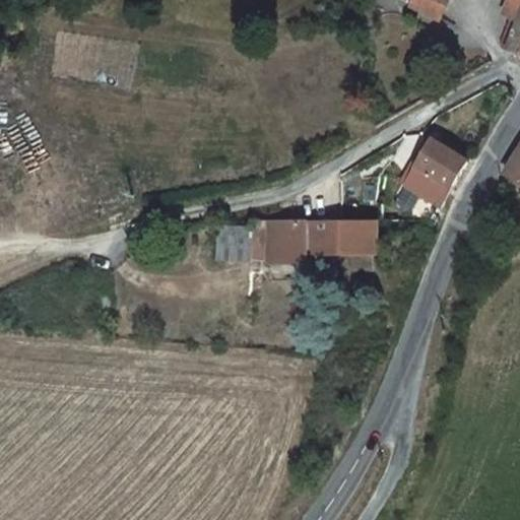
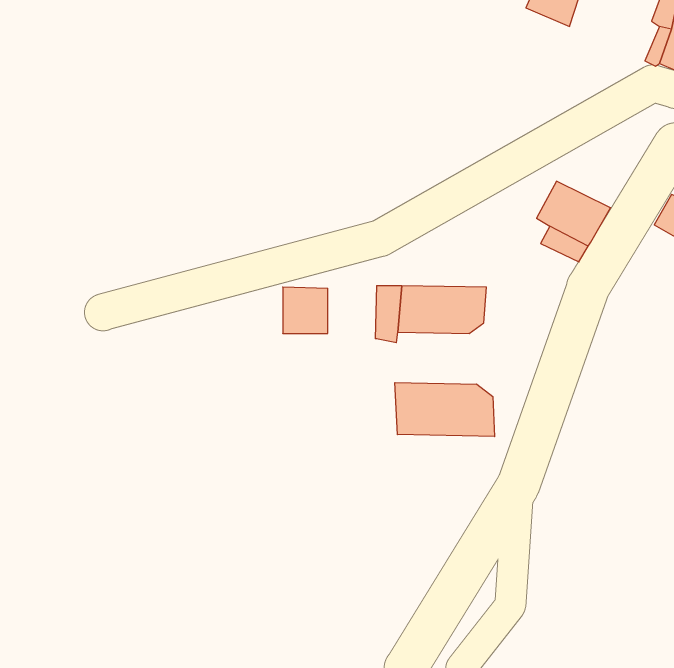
building: [259,219,290,262] -> none
building: none -> [395,383,495,437]

